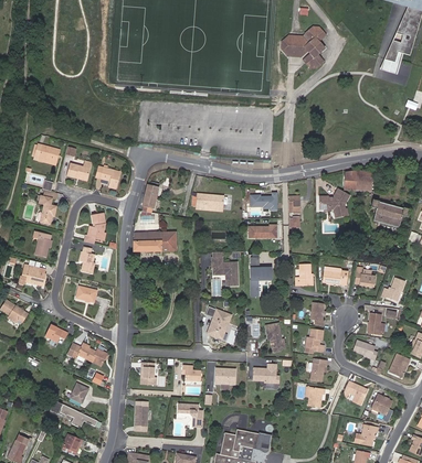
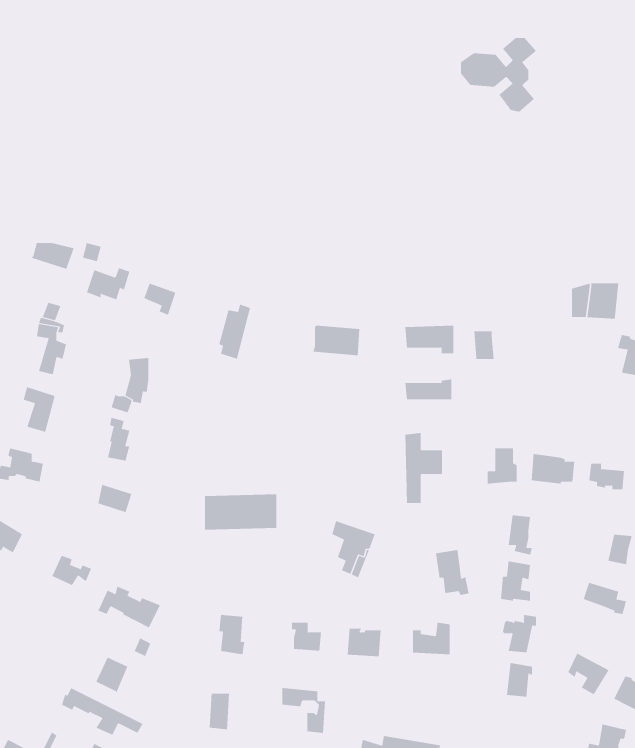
building: [320,190,350,219] -> none
building: [135,232,177,252] -> [204,494,277,530]
building: [213,258,240,287] -> none

